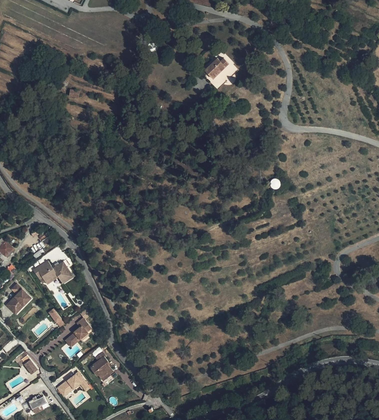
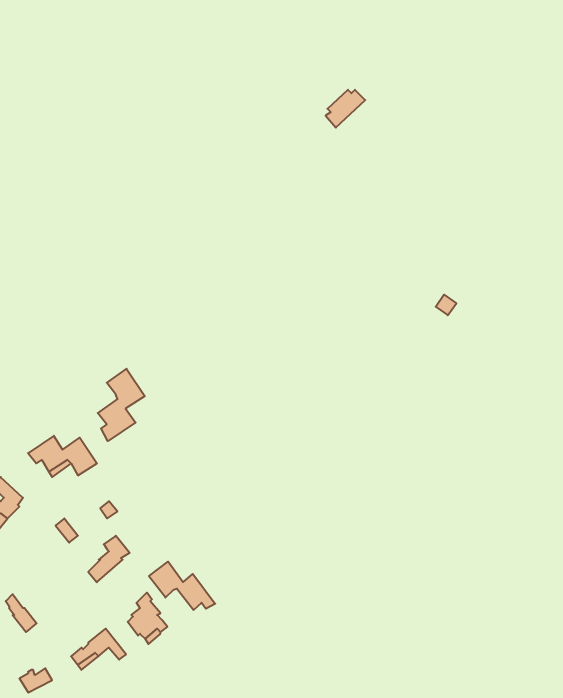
building: none -> [98,369,145,441]
building: none -> [149,562,215,610]

